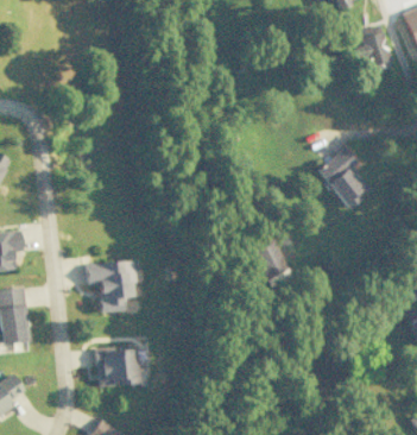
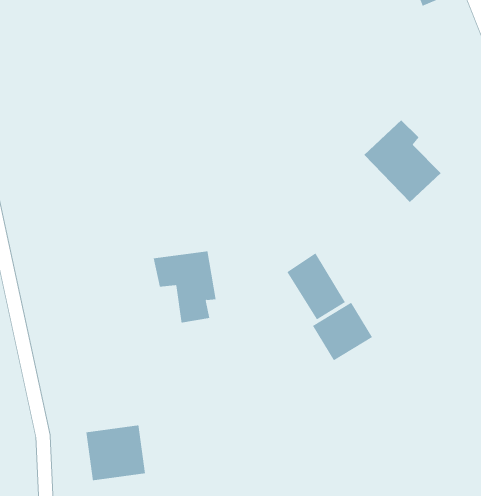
building: [86,261,128,311] -> [153,251,216,323]
building: none -> [312,302,373,361]

